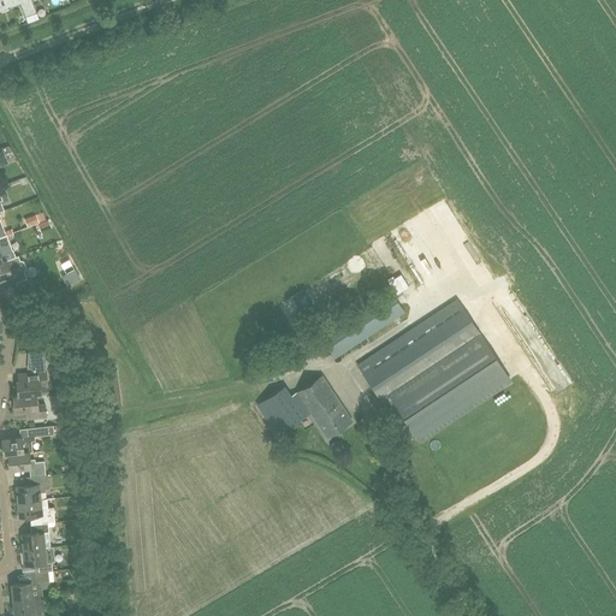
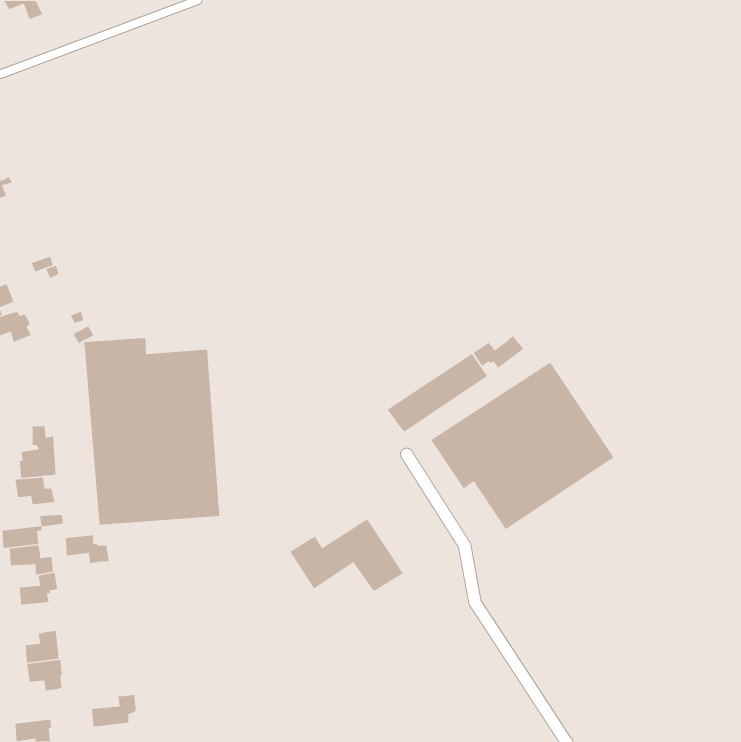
building: none -> [472,335,524,369]
building: none -> [83,337,220,525]
building: [256,375,351,437] -> [289,518,404,592]
building: [17,499,54,523] -> [65,535,110,564]
building: [11,571,48,599] -> [91,694,136,728]

